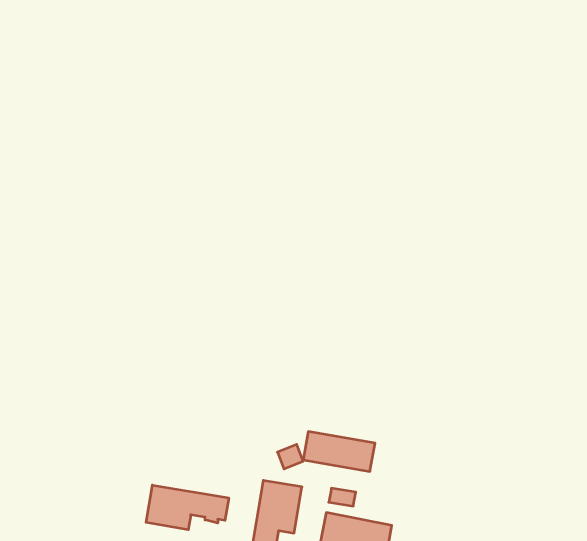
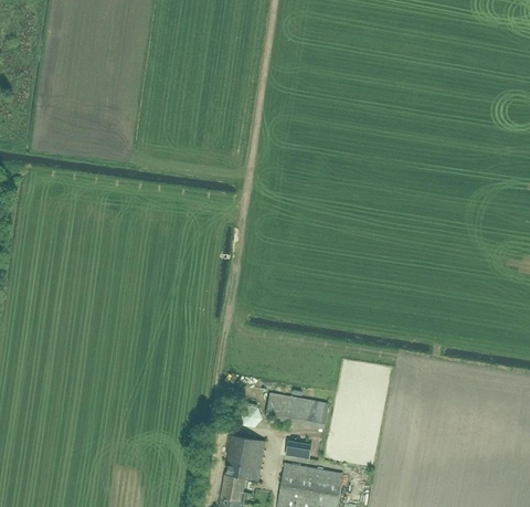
building: [146,485,229,530] -> none

